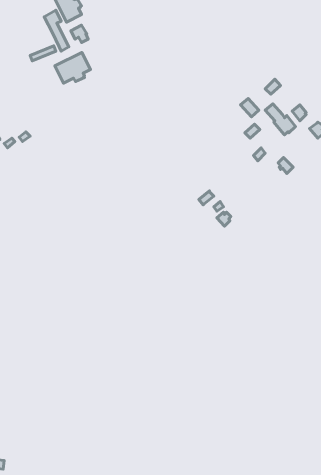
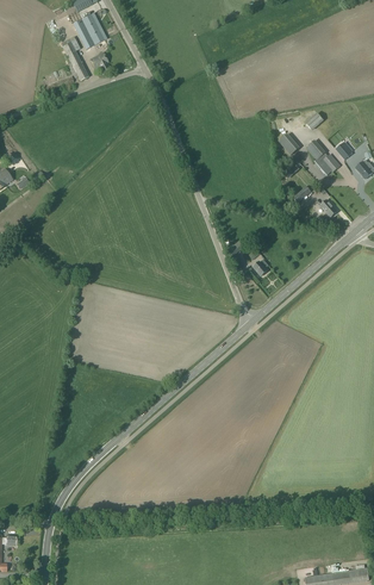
building: [55,52,90,83] -> none

